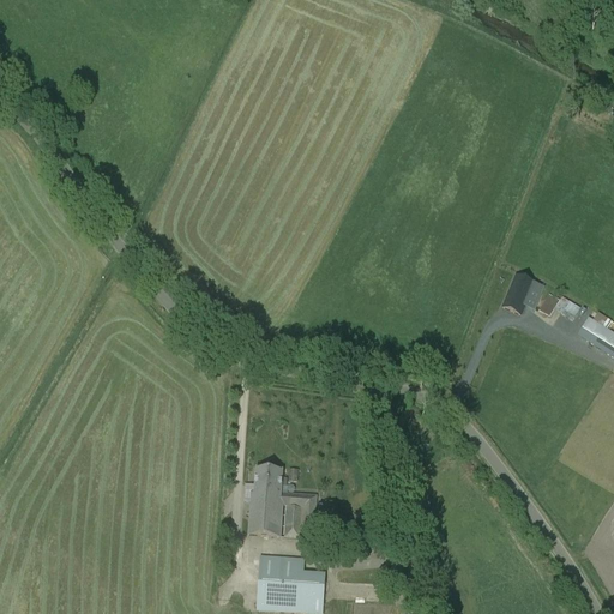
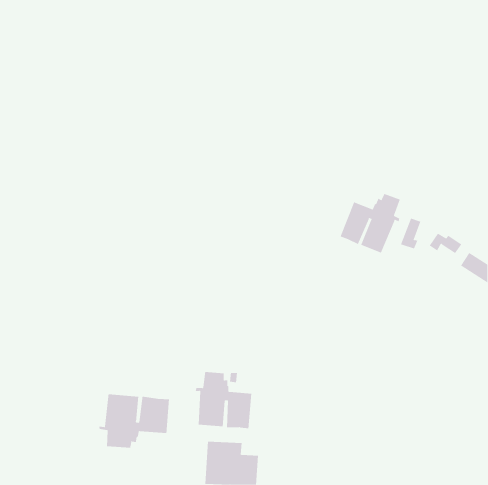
building: none -> [340,193,401,253]
building: none -> [99,394,170,449]

